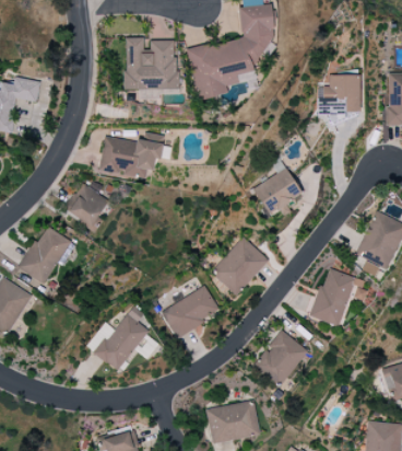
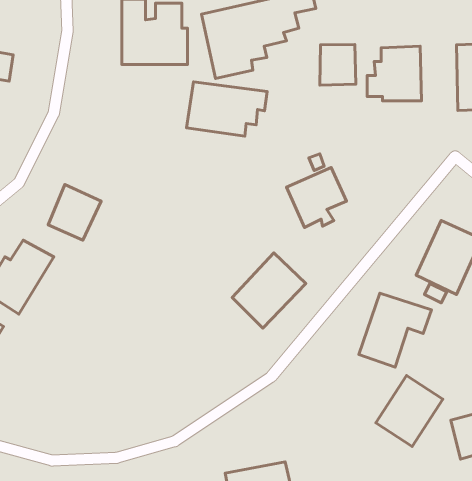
building: none -> [320,44,356,85]
building: [99,136,163,178] -> [186,82,267,136]
building: [162,286,221,337] -> none
building: [94,305,150,371] -> none
building: [255,329,307,385] -> [376,375,443,447]

